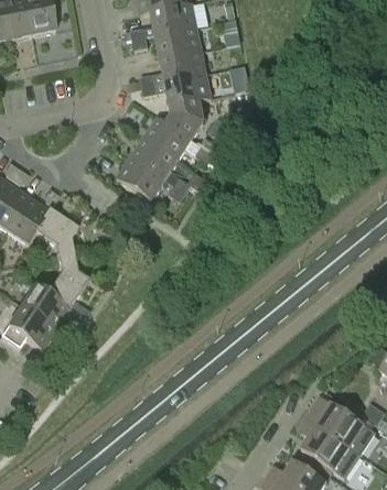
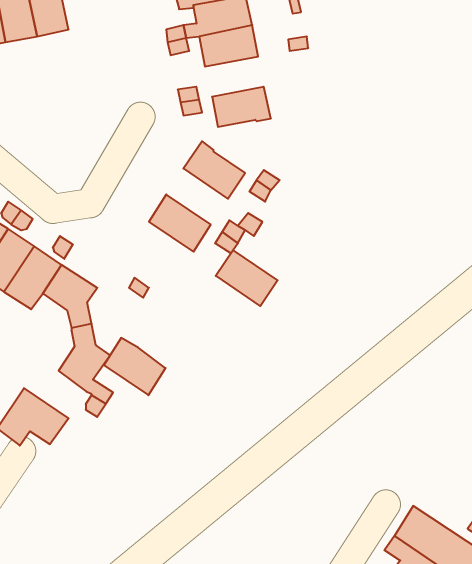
building: [160,50,205,80] -> none
building: [166,98,203,139] -> none
building: [130,135,178,178] -> [216,250,278,306]
building: [21,283,68,327] -> [104,338,166,395]

